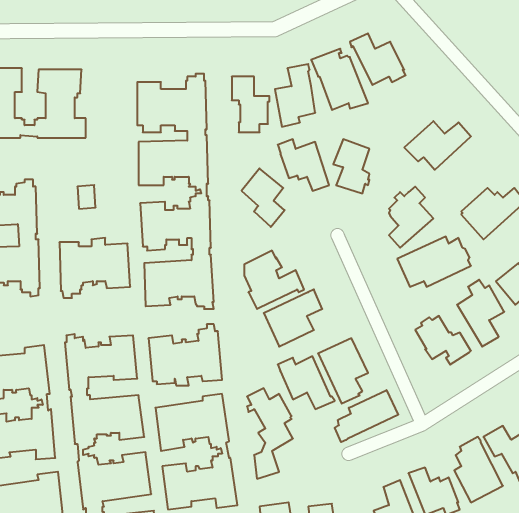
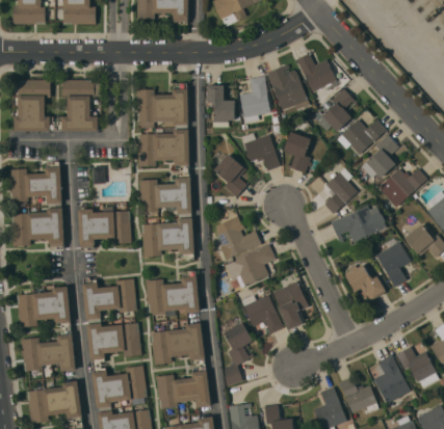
building: none -> [315,88,356,132]
building: none -> [357,134,398,181]
building: [335,390,398,442] -> none

